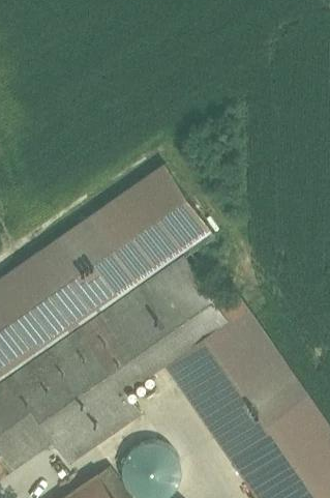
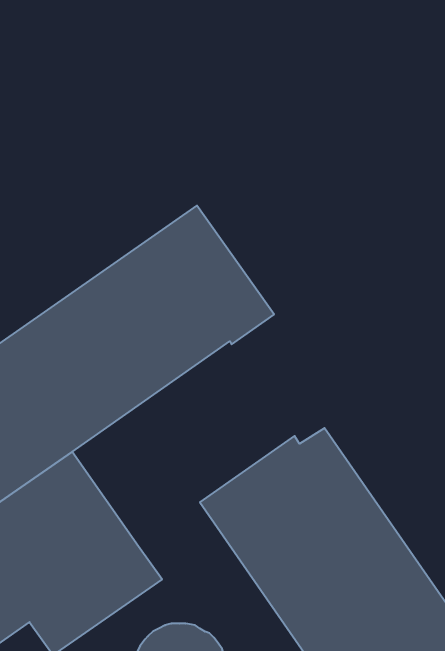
building: [81,259,227,393] -> none

